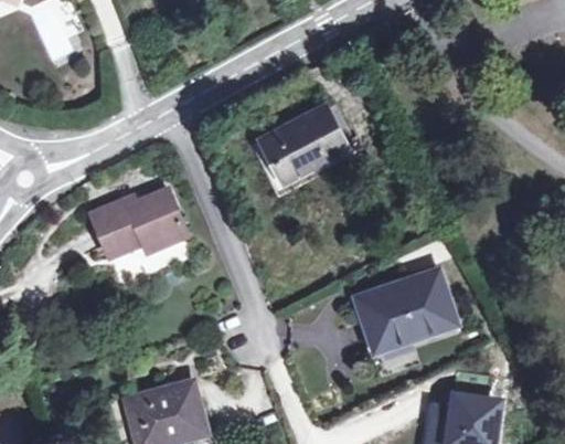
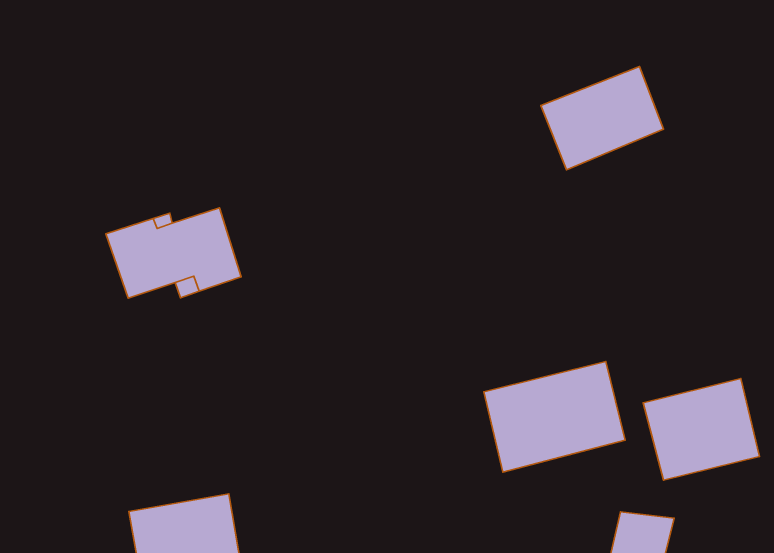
building: [260,109,344,183] -> [541,66,663,170]
building: none -> [643,379,760,480]

